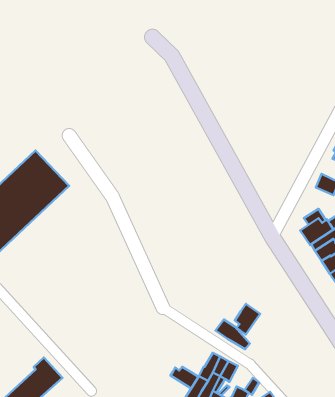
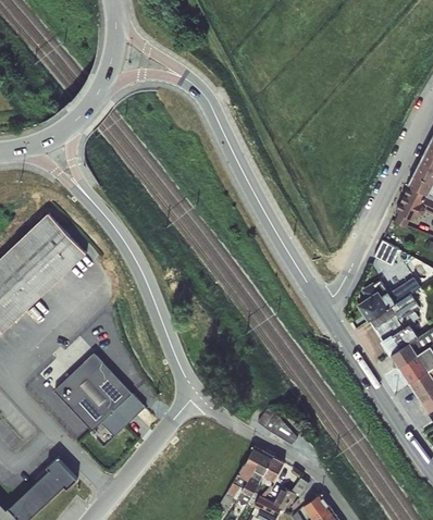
building: none -> [52,349,146,435]
building: [235,304,260,335] -> none
building: [171,367,198,388] -> none

